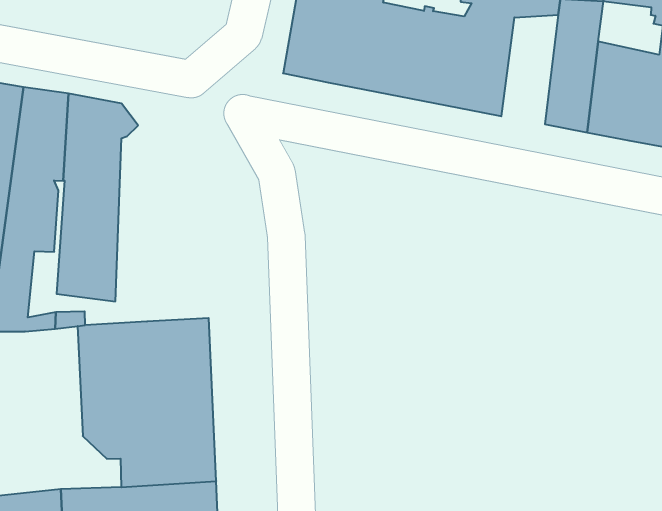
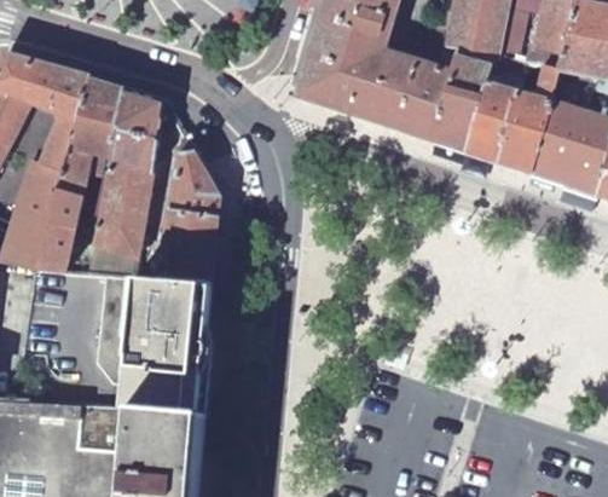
building: none -> [464,74,520,162]
building: none -> [161,135,219,282]

